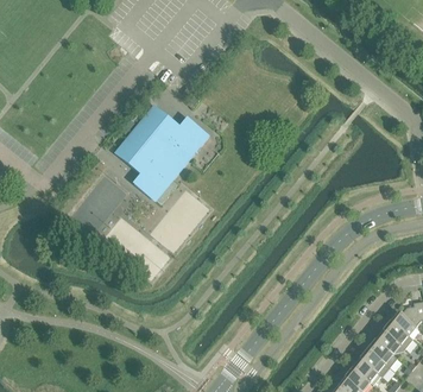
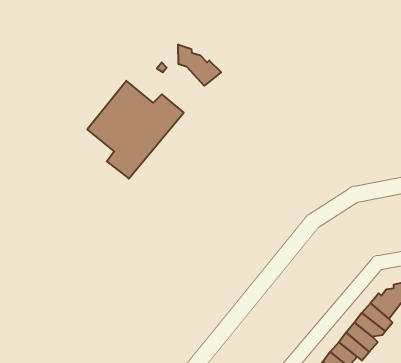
building: none -> [178,44,221,86]

